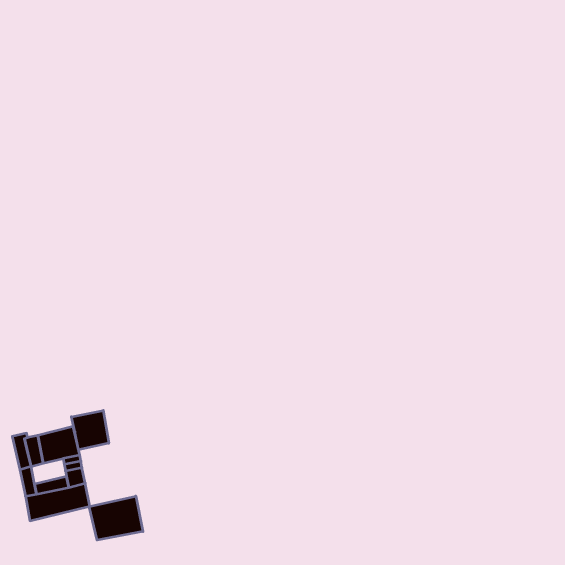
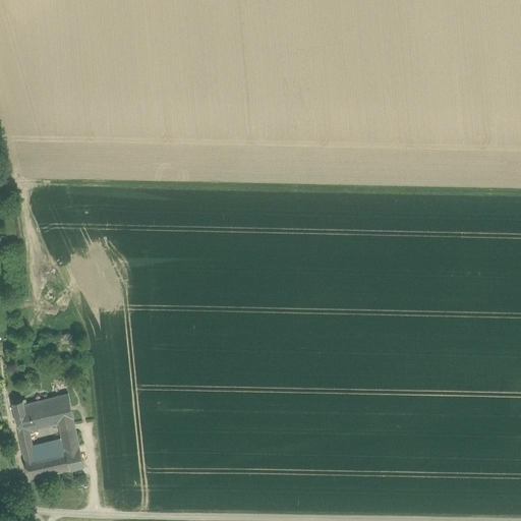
building: [71,410,109,450] -> none
building: [89,496,143,540] -> none

